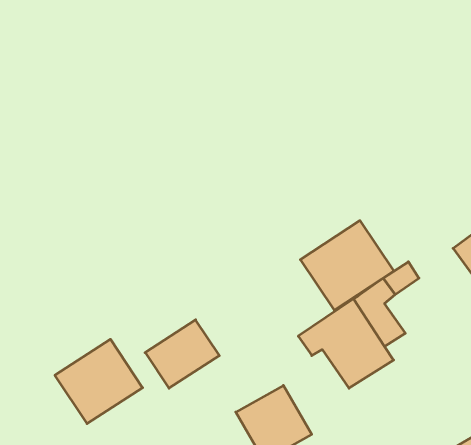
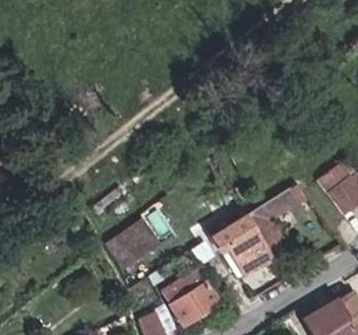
building: [300,221,394,310] -> none
building: [55,339,143,424] -> none

